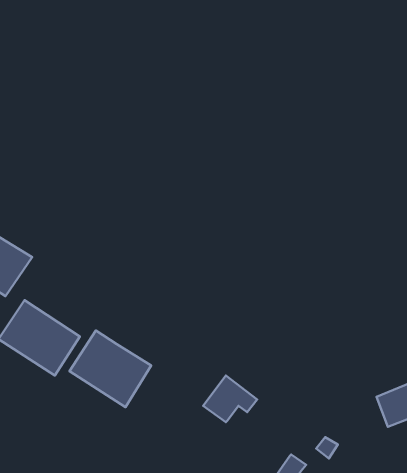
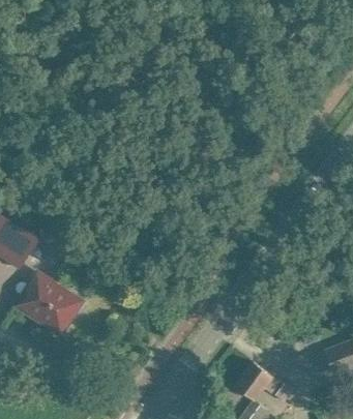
building: [70,331,151,407] -> none
building: [203,376,257,422] -> [236,363,281,401]

